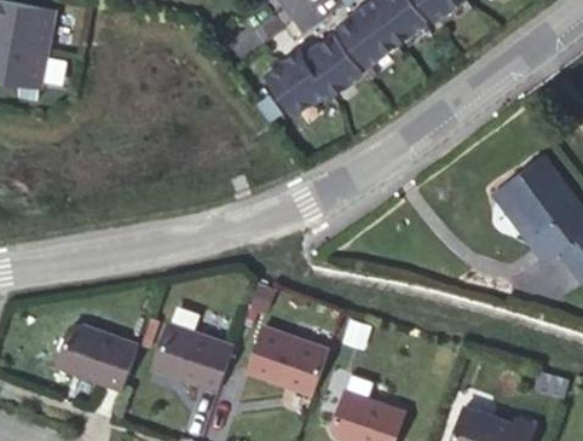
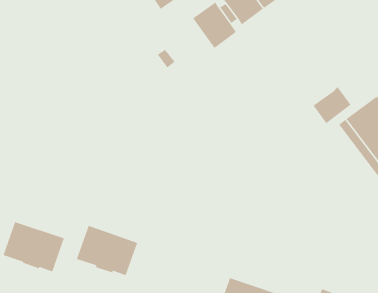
building: [266,52,327,114] -> none
building: none -> [313,86,352,124]
building: [248,327,328,395] -> none

